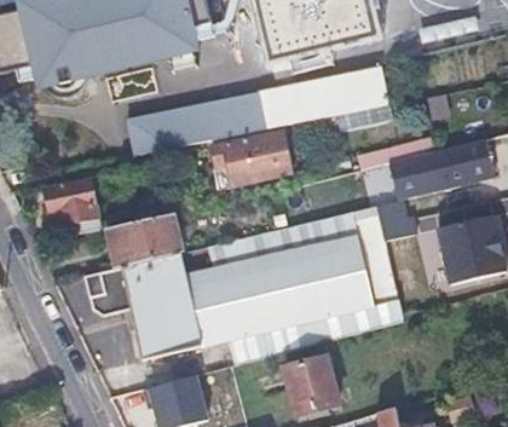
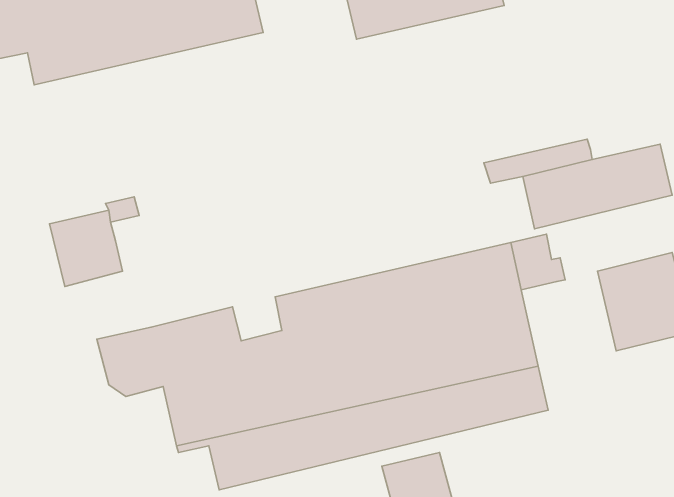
building: [127,70,388,155] -> none
building: [210,135,288,192] -> none
building: [112,210,180,266] -> none

